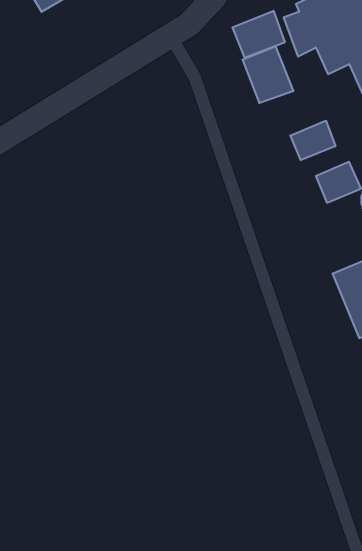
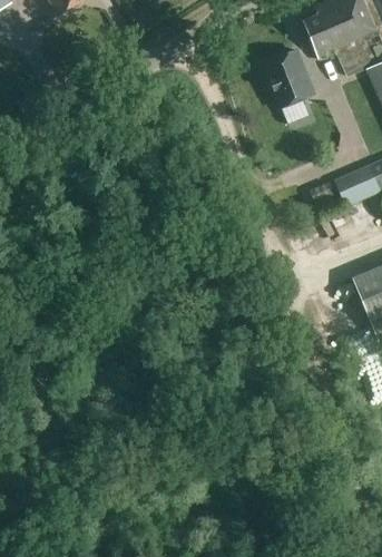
building: [232,11,285,58] -> none
building: [290,121,335,160] -> none

